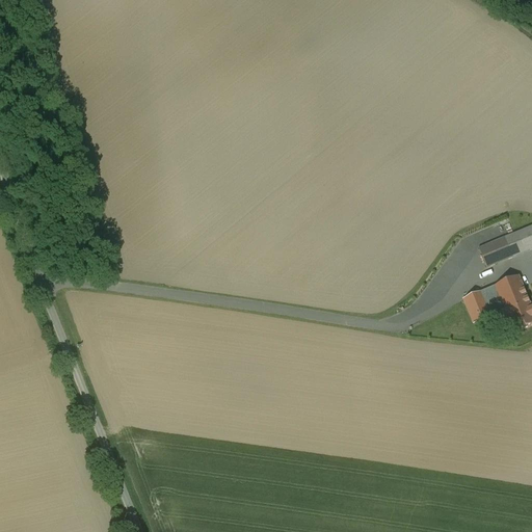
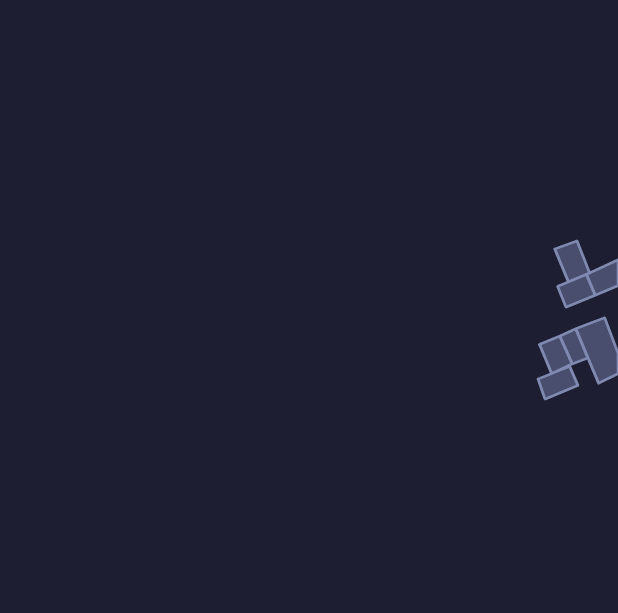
building: none -> [555,241,590,282]
building: none -> [538,366,578,399]

